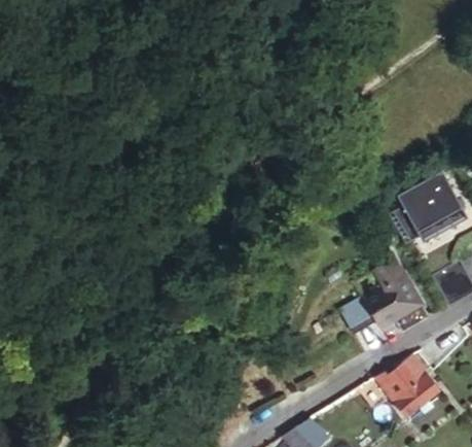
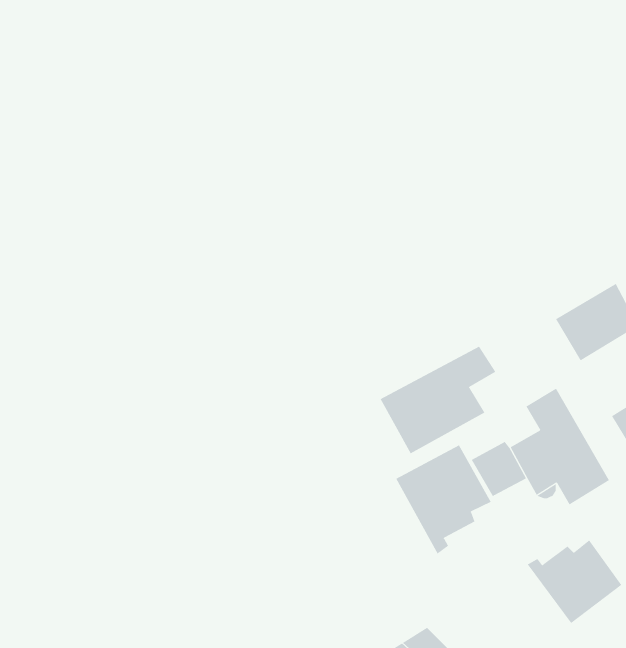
building: none -> [380,346,496,454]
building: none -> [396,445,491,555]

